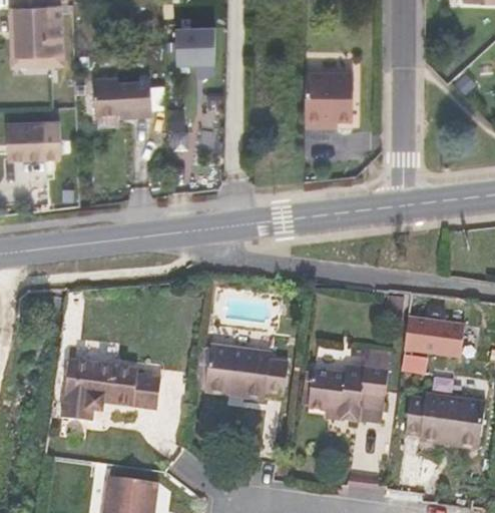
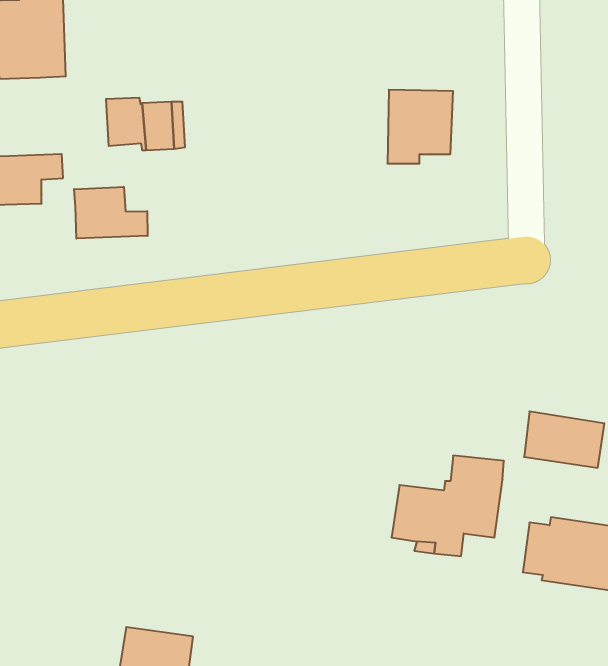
building: [176,28,210,65] -> none
building: none -> [74,187,148,239]
building: [204,345,289,401] -> none
building: [62,359,161,422] -> none

